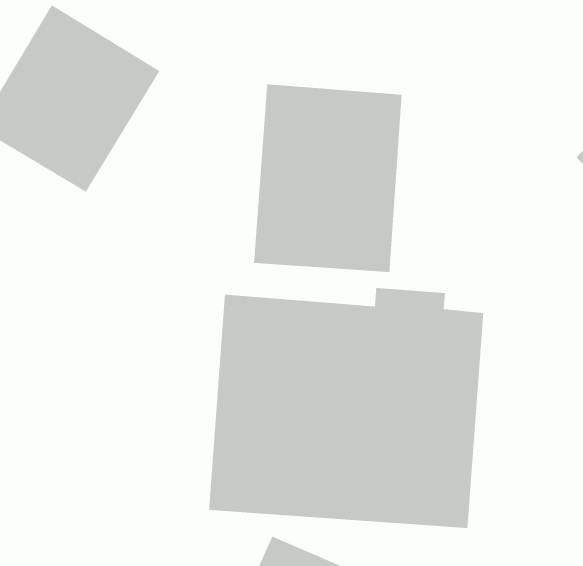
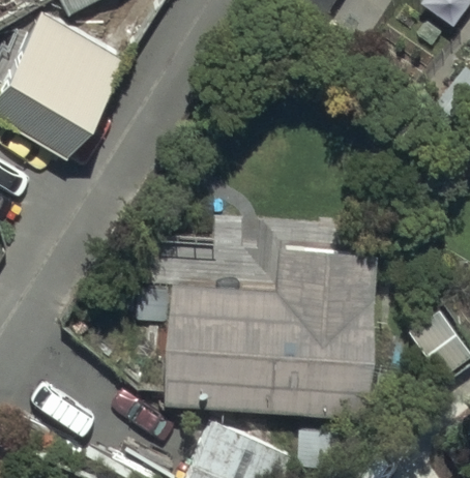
building: [253,84,402,273] -> none

